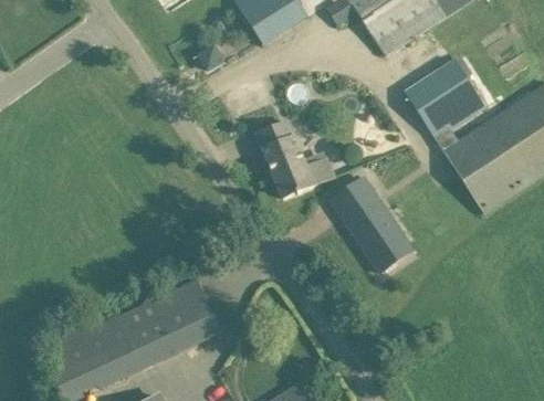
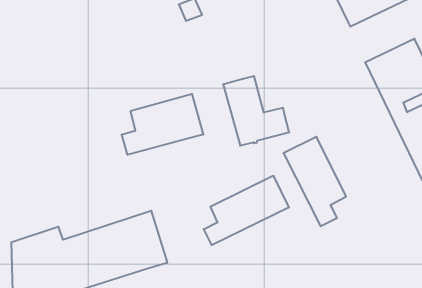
building: none -> [122,94,203,155]
building: none -> [204,176,289,245]

